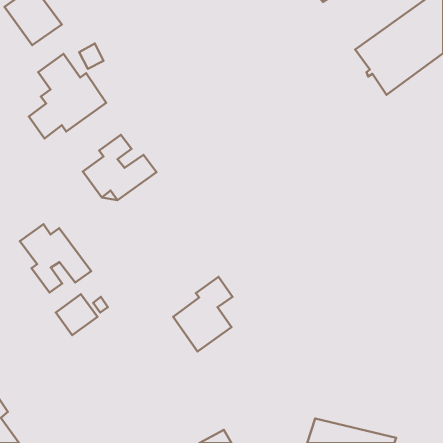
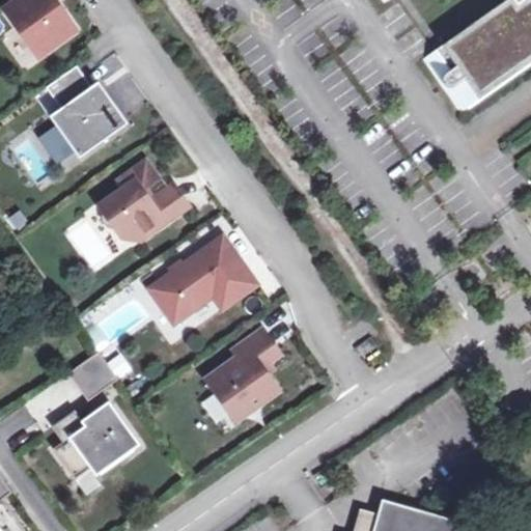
building: none -> [149,237,254,322]
building: [20,224,91,292] -> none
building: none -> [52,400,139,477]

